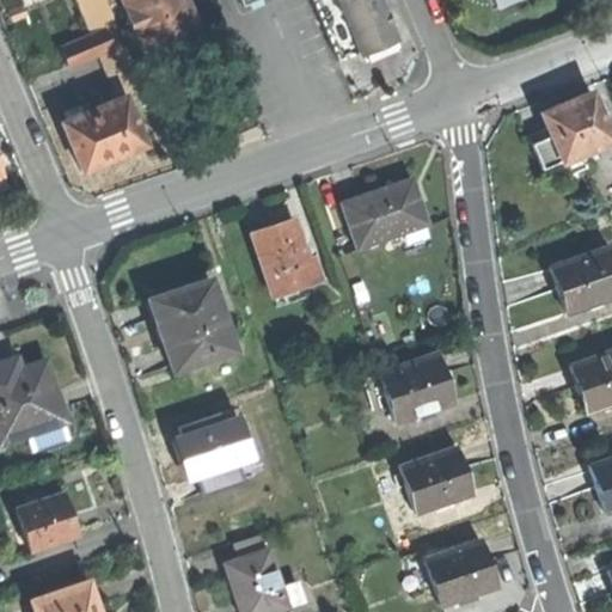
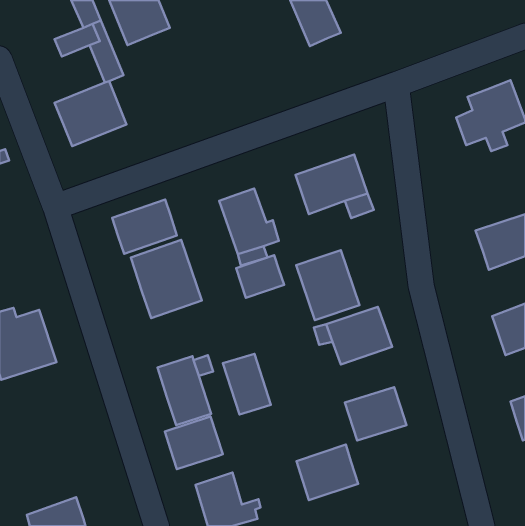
building: none -> [112,199,177,254]
building: none -> [296,250,360,320]
building: none -> [236,255,284,298]
building: none -> [223,354,271,414]
building: none -> [165,416,223,469]
building: [16,491,78,551] -> none
building: [424,541,496,606] -> [297,445,358,500]

